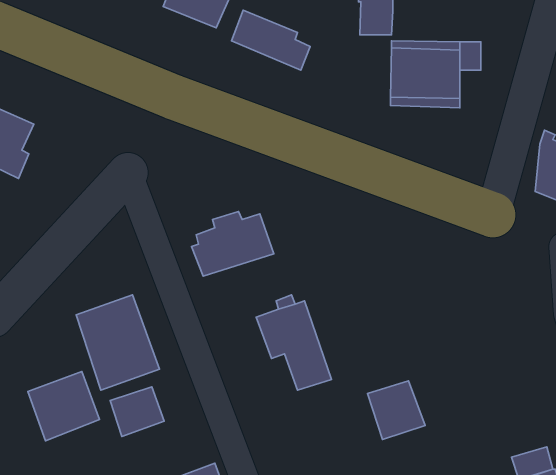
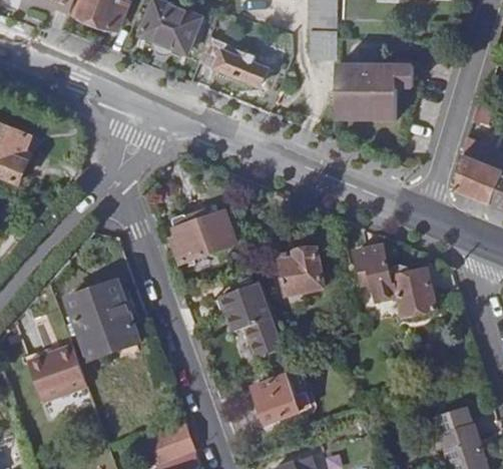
building: none -> [355,244,391,286]
building: none -> [282,250,323,296]
building: none -> [395,268,436,314]
building: [367,381,425,440] -> [254,375,303,425]
building: [110,387,164,436] -> none

